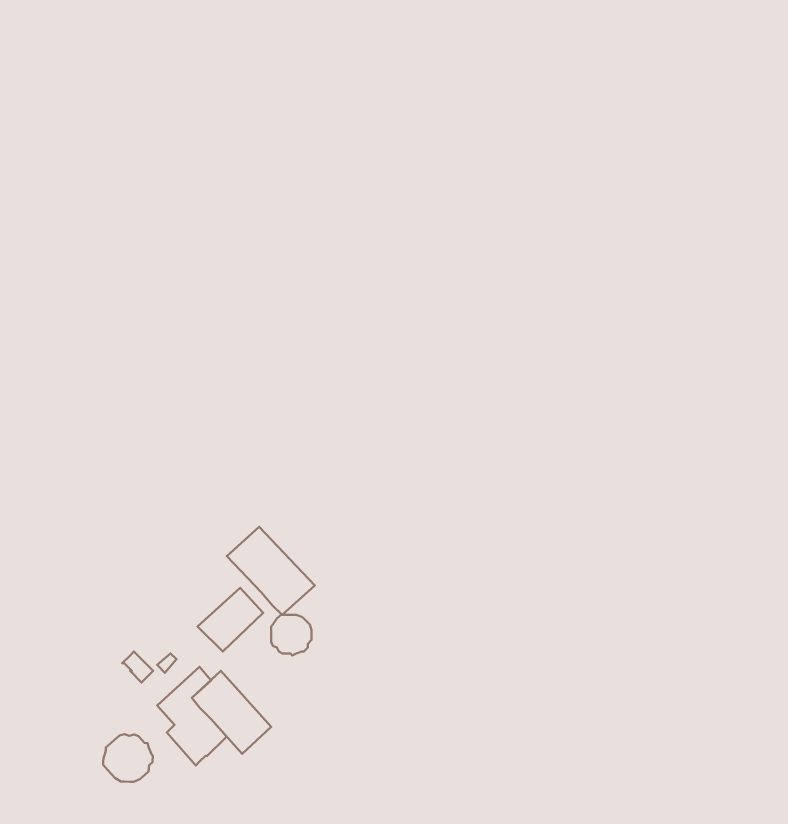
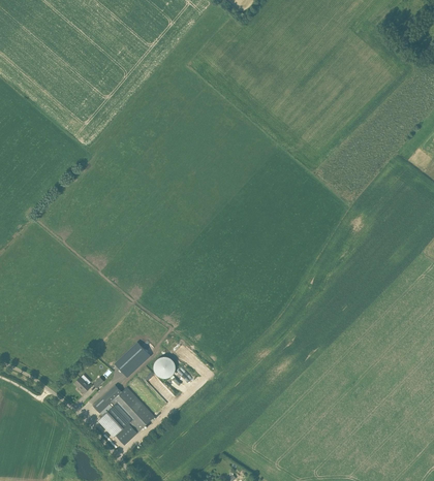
building: [227,527,315,615] -> none
building: [103,734,153,782] -> none

